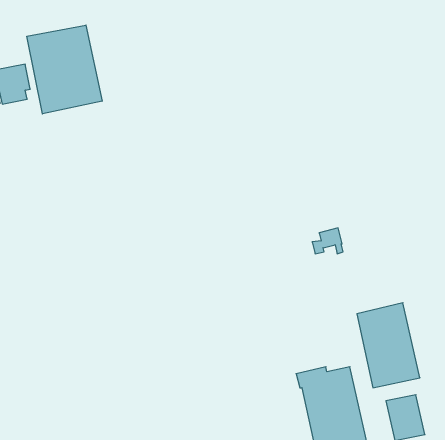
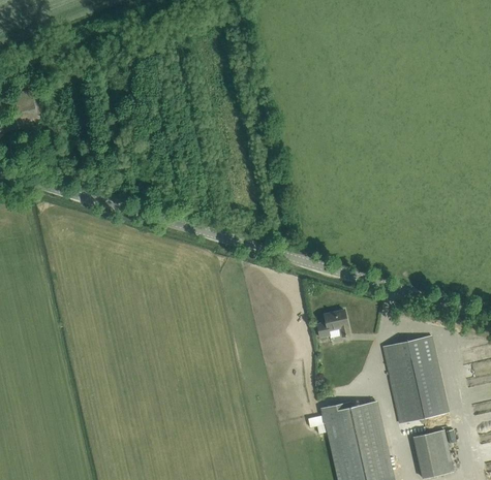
building: [27,25,102,114] -> none
building: [312,228,343,254] -> [316,310,348,337]

